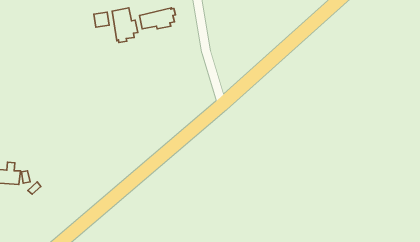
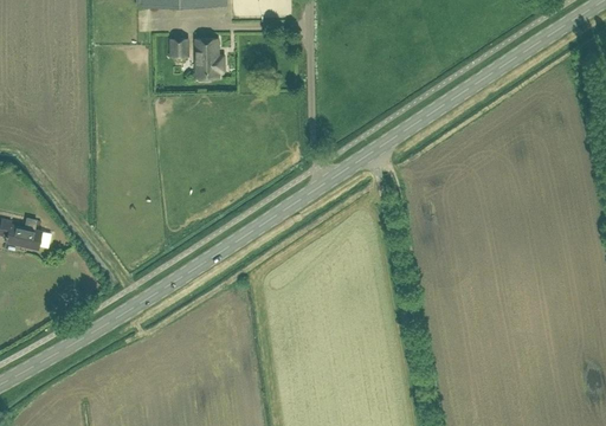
building: [139,8,176,29] -> none

